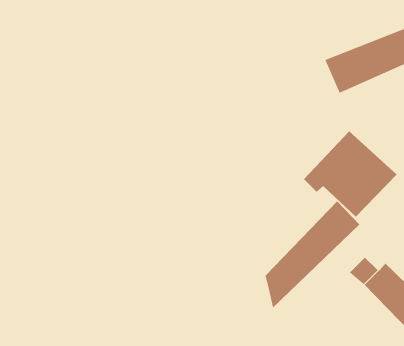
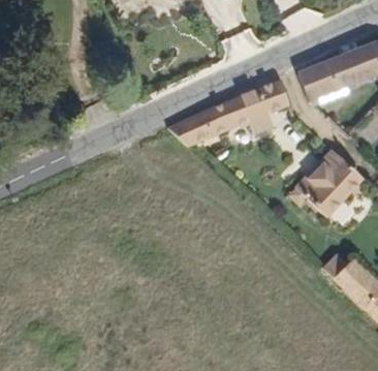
building: none -> [172,79,293,147]
building: [265,201,360,309] -> none

